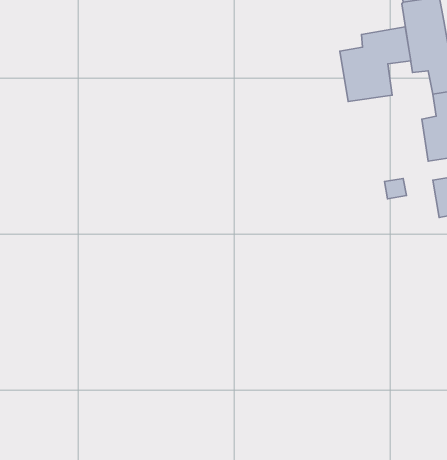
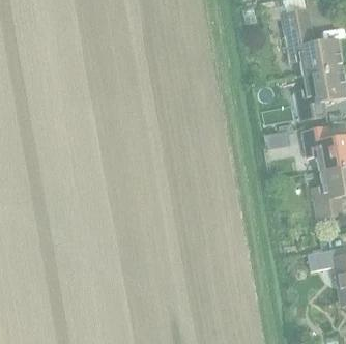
building: [340,27,411,101] -> none

